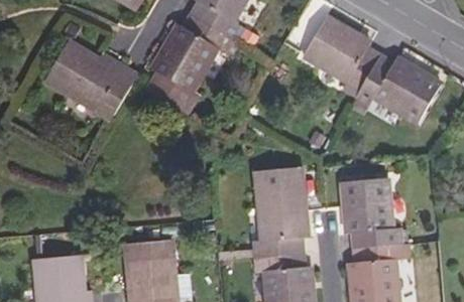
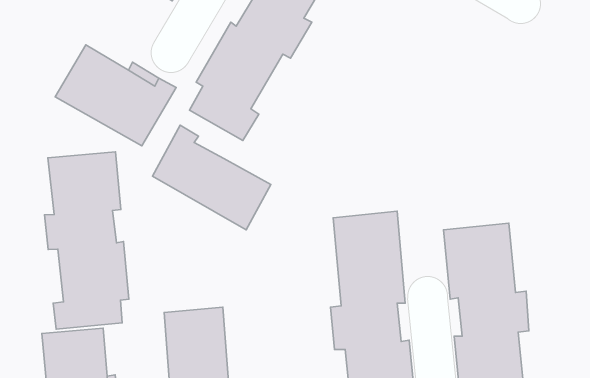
building: [302,15,439,123] -> none
building: none -> [152,125,271,230]
building: none -> [44,152,129,329]

